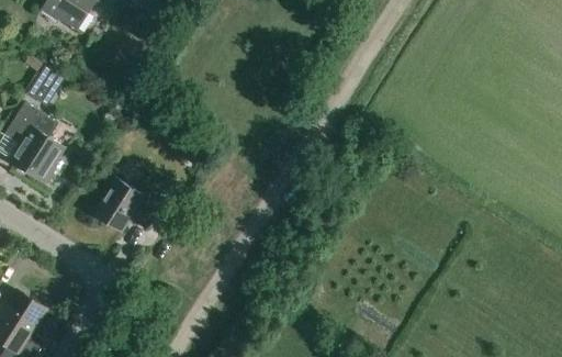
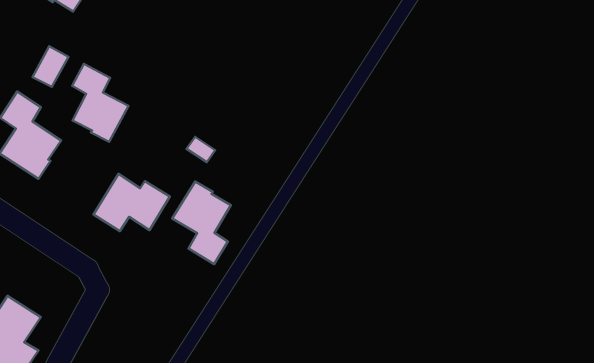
building: none -> [72,64,129,142]
building: none -> [172,181,231,264]

